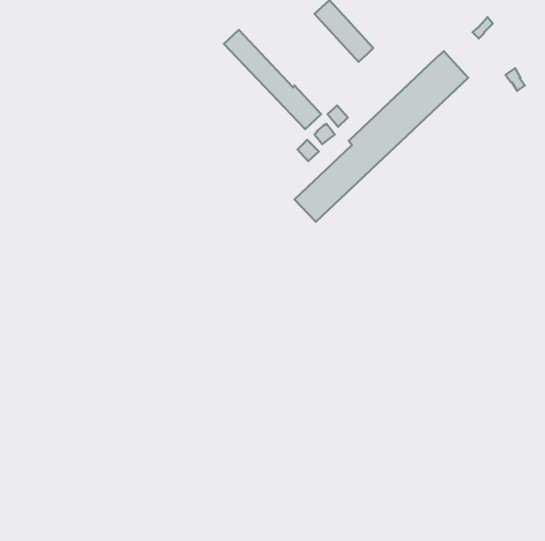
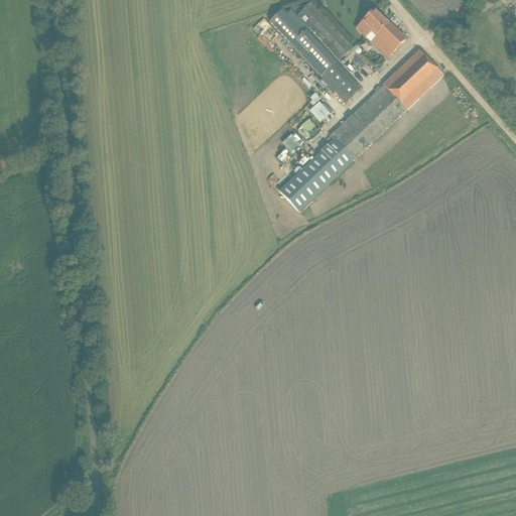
building: none -> [357,7,405,54]
building: [224,30,321,129] -> [268,7,360,101]

